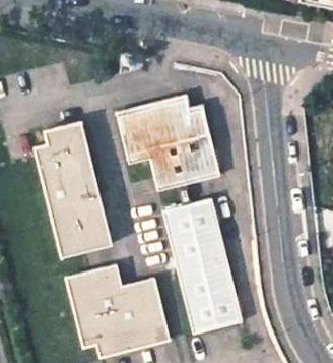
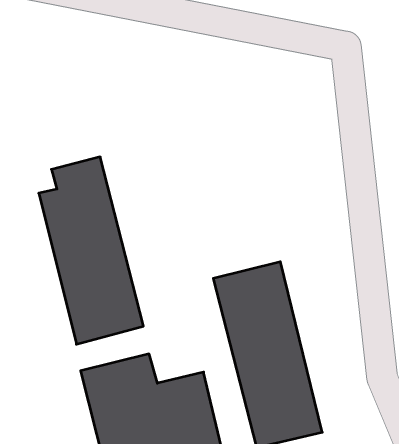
building: [117,96,221,191] -> none

